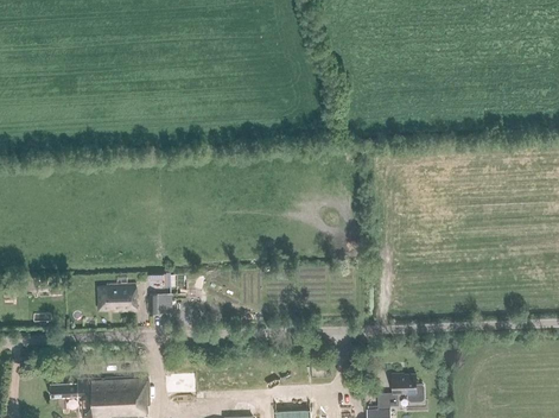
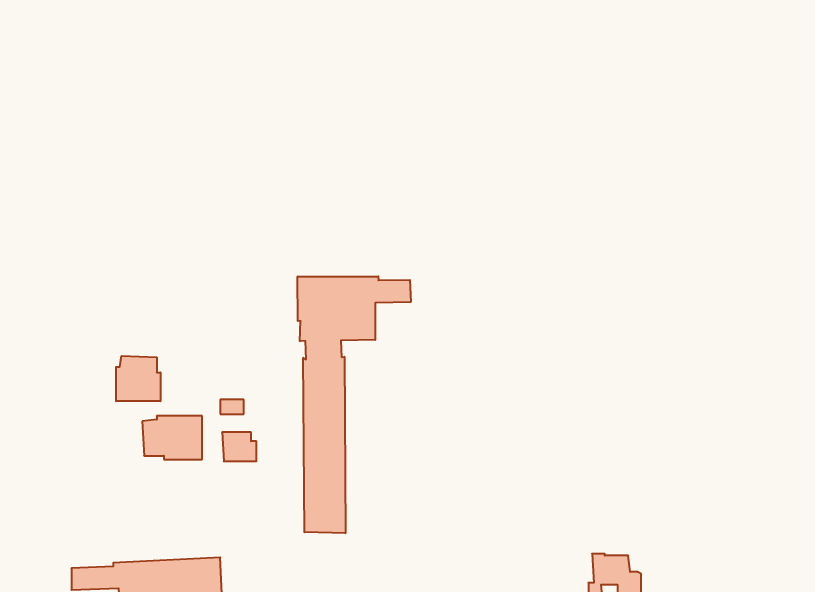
building: none -> [298,276,411,533]
building: none -> [116,356,160,401]

